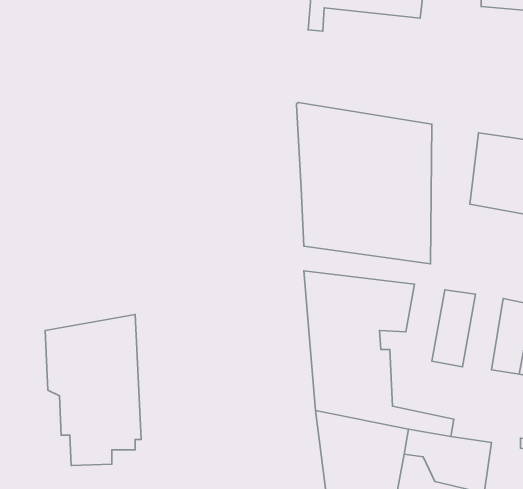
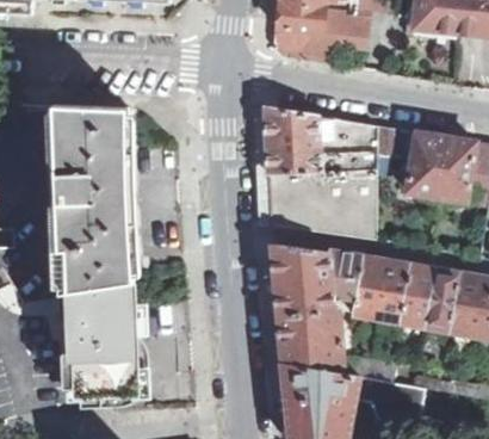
building: none -> [50,105,131,296]
building: none -> [352,258,385,321]
building: none -> [400,266,433,328]

